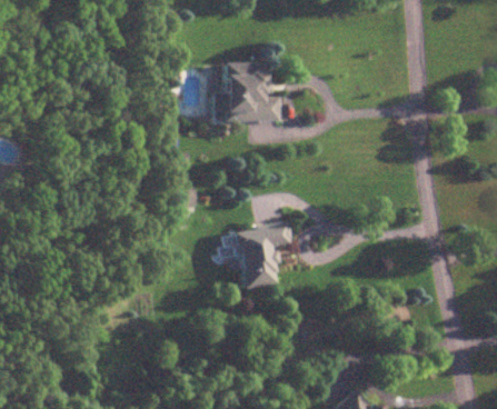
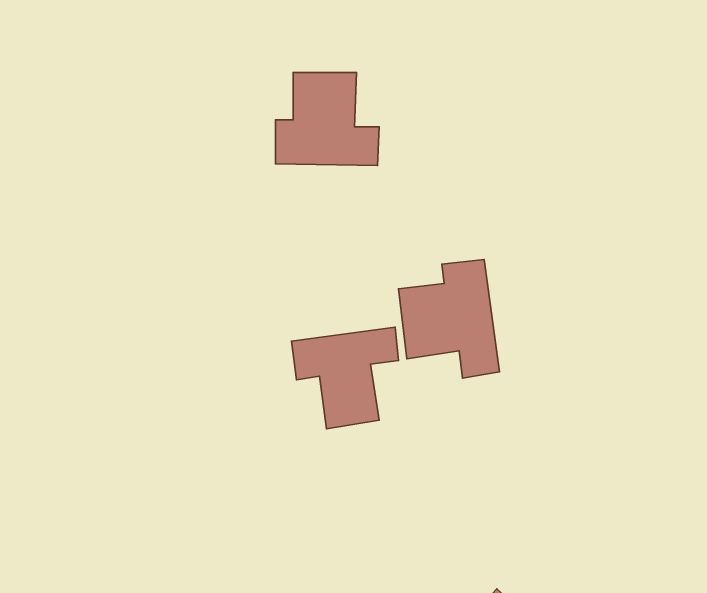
building: none -> [399,259,500,378]

